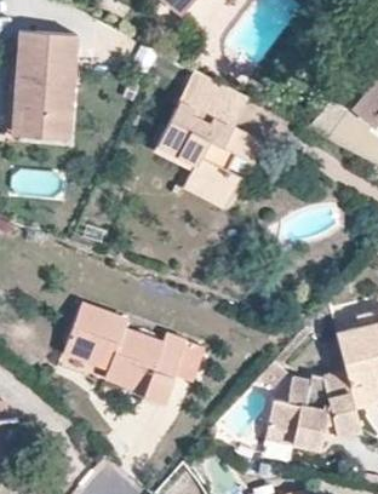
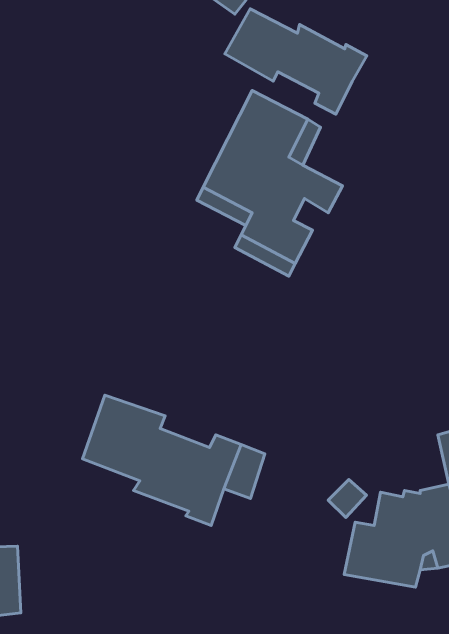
building: none -> [225,9,367,114]
building: [11,31,75,139] -> none

